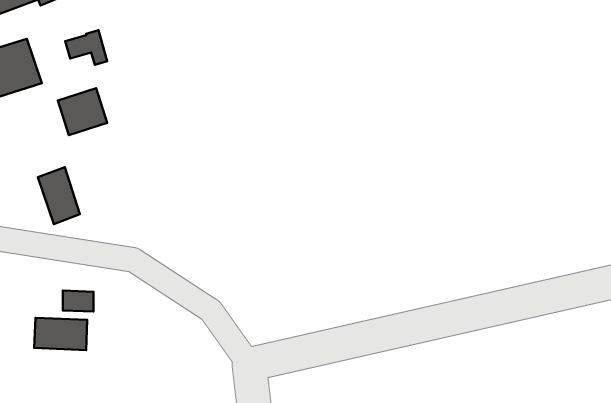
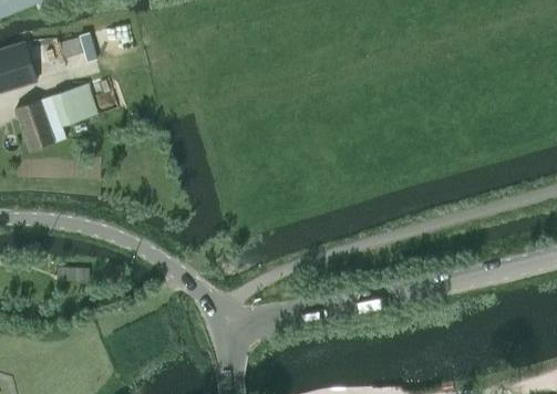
building: [38,167,80,224] -> [17,100,54,151]
building: [34,318,87,350] -> none

